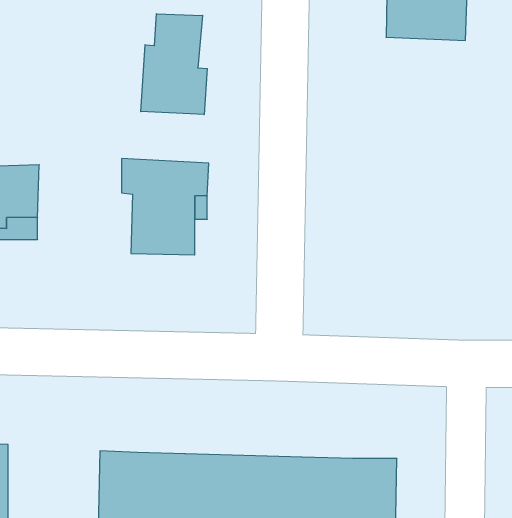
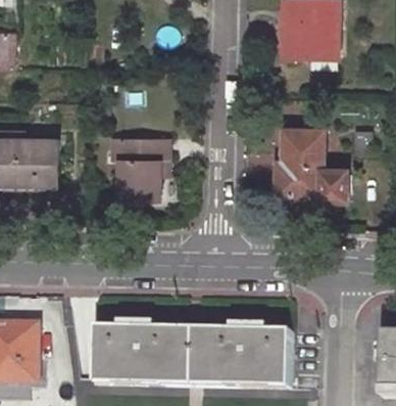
building: [141,14,207,115] -> none
building: none -> [277,129,349,201]

